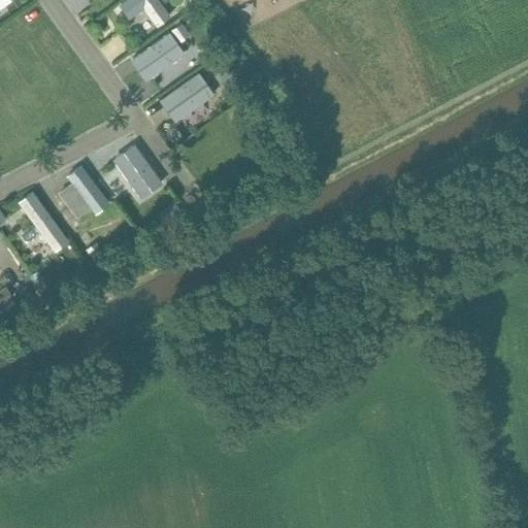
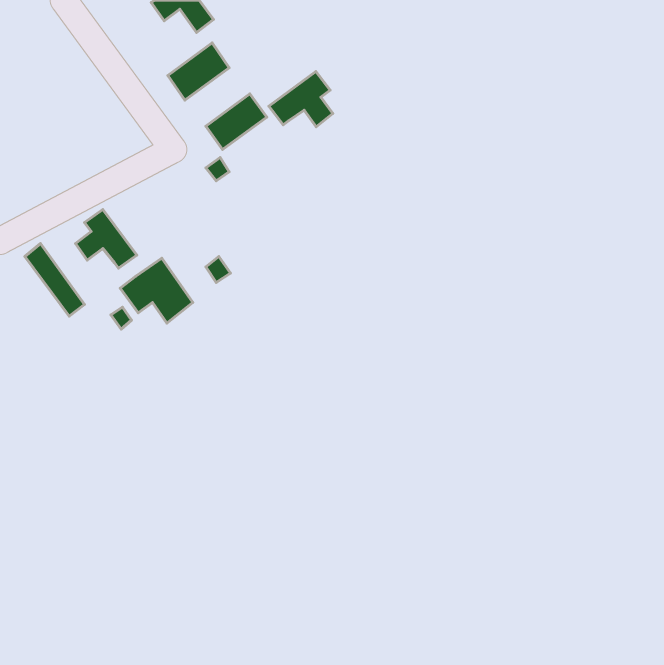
building: none -> [269,72,333,127]
building: [104,146,162,198] -> [120,258,193,323]

